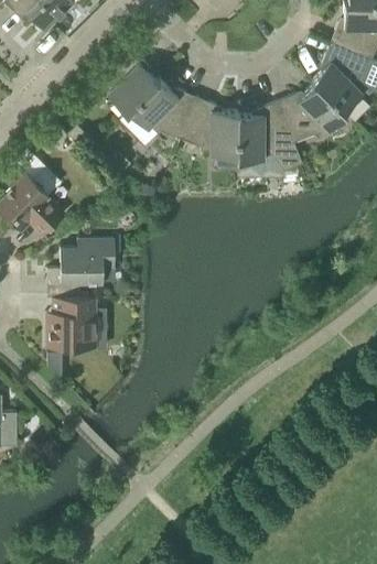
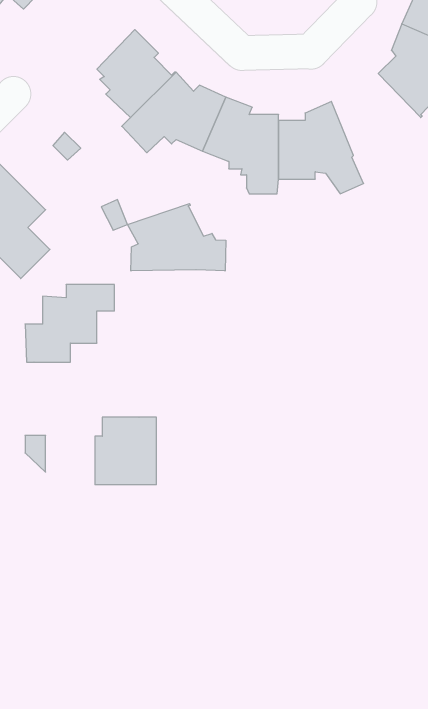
building: [278,80,345,142] -> none
building: none -> [128,204,226,271]
building: [49,297,95,348] -> [95,417,156,485]

